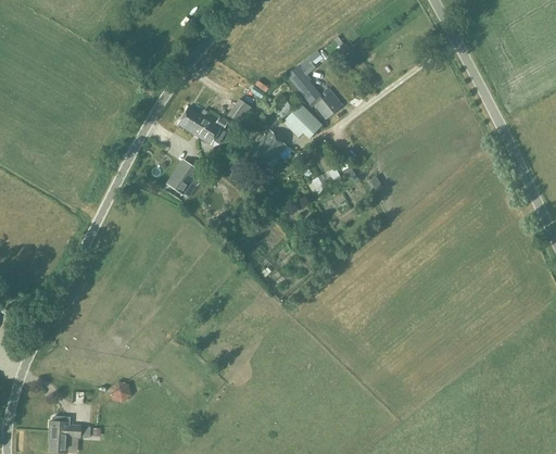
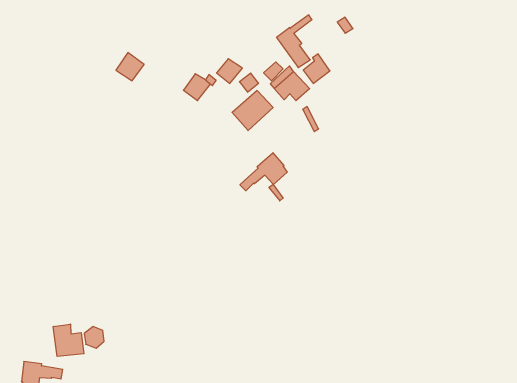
building: [178,105,206,134] -> [116,53,144,81]
building: [166,157,201,196] -> none
building: none -> [240,153,287,191]
building: none -> [53,324,84,356]

